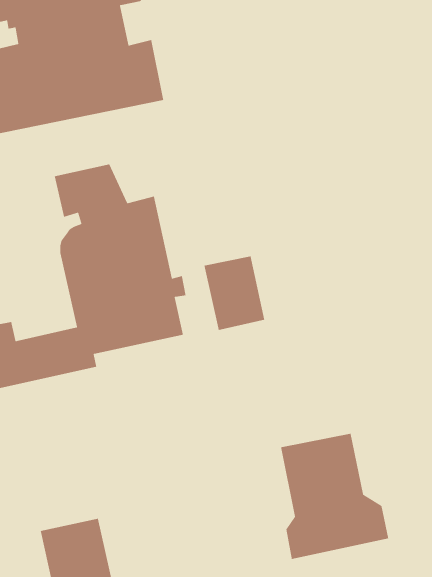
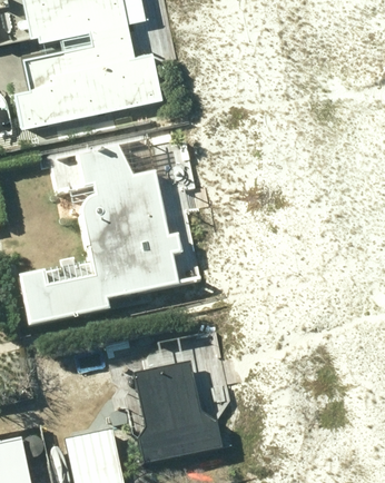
building: [204,256,265,331] -> none
building: [280,433,389,560] -> [135,363,221,464]

